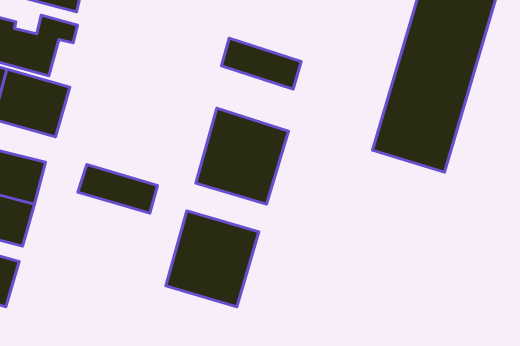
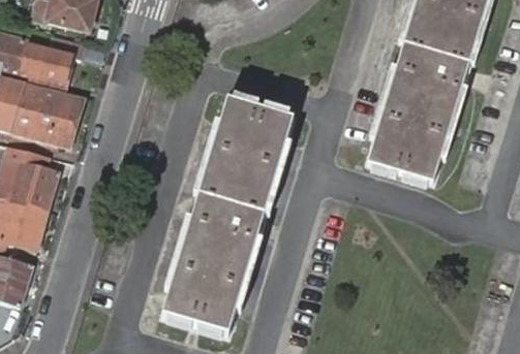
building: [221,38,301,89] -> [218,95,293,142]
building: [78,164,157,213] -> [190,191,265,236]
building: none -> [162,287,237,332]

